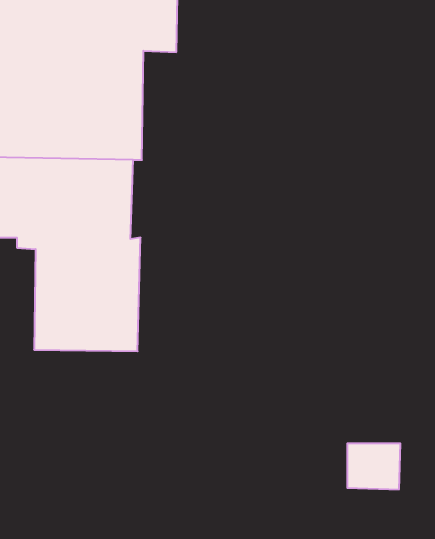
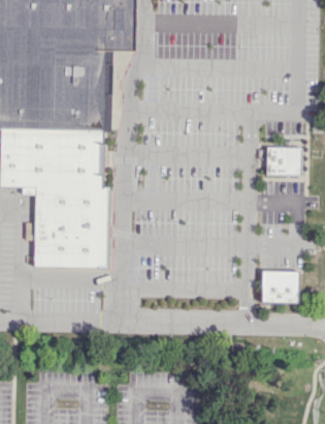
building: none -> [265,147,300,175]
building: [347,443,400,489] -> [261,269,299,302]

